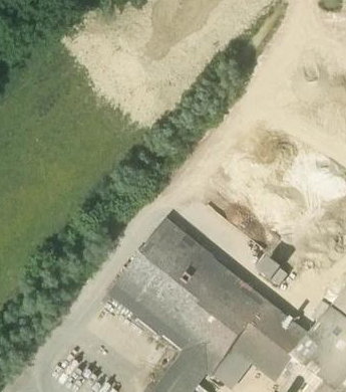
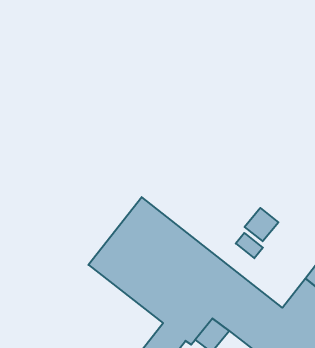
building: none -> [245,208,278,241]

